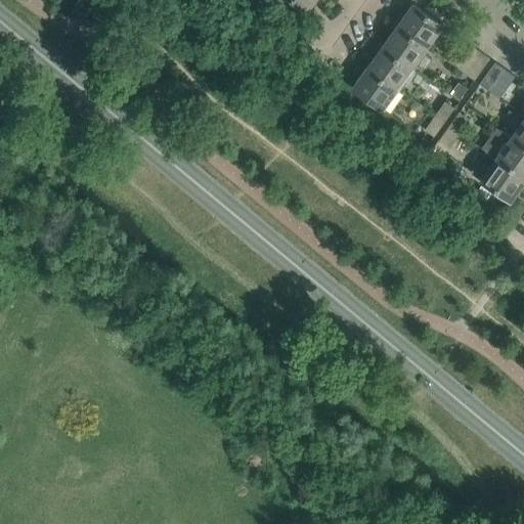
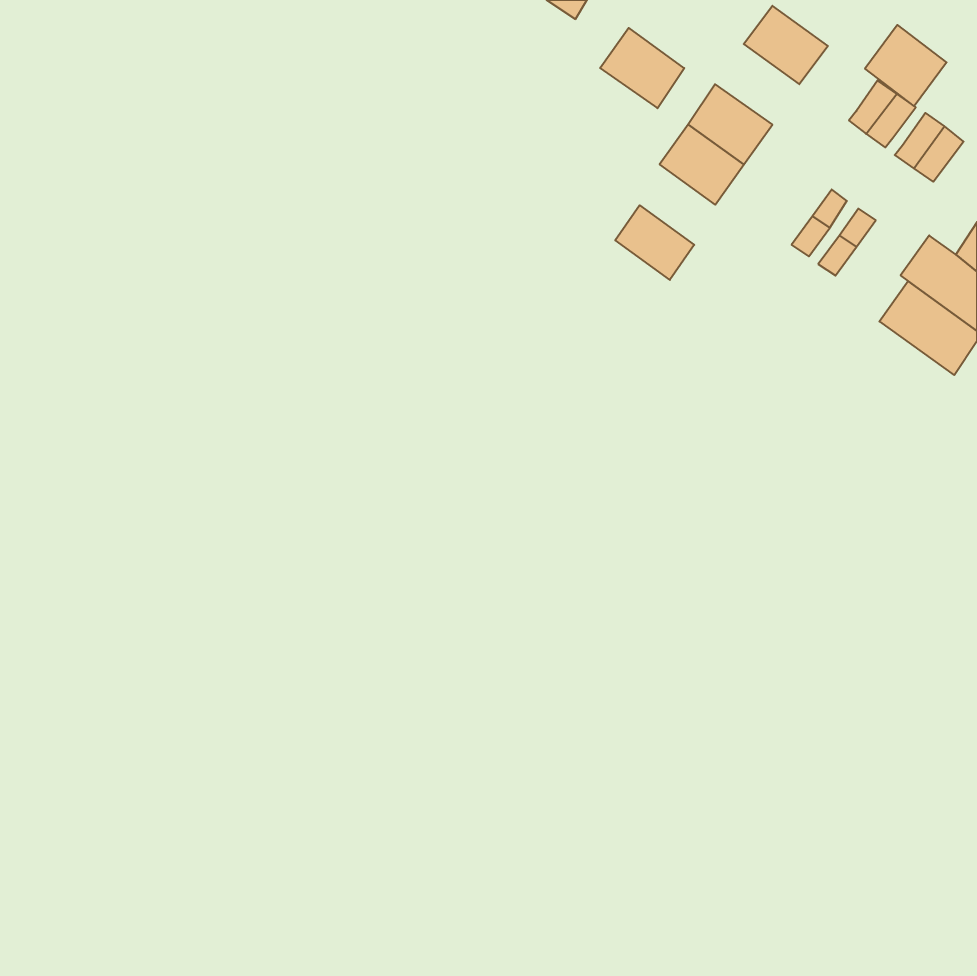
building: none -> [865,25,947,106]
building: [383,25,428,68] -> [600,28,684,108]
building: none -> [615,205,694,280]

